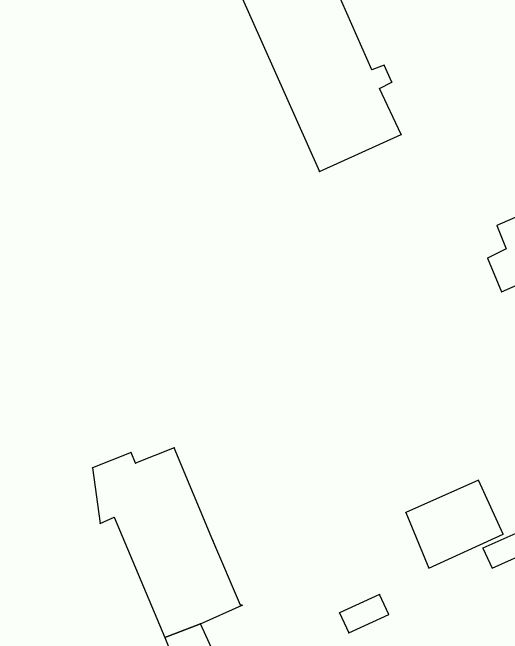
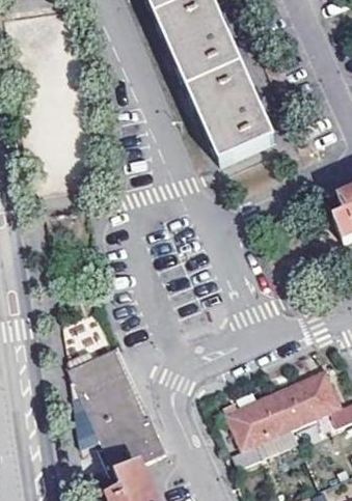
building: none -> [226,391,293,450]

